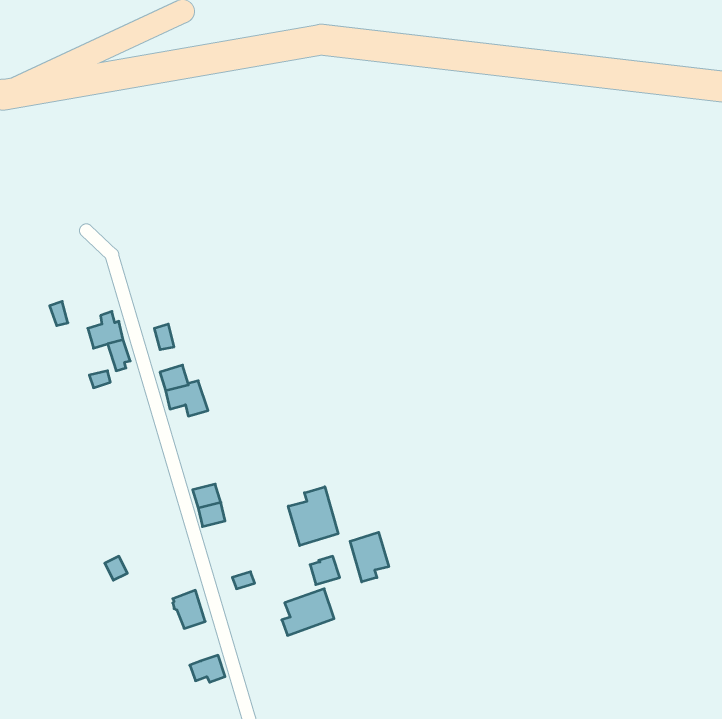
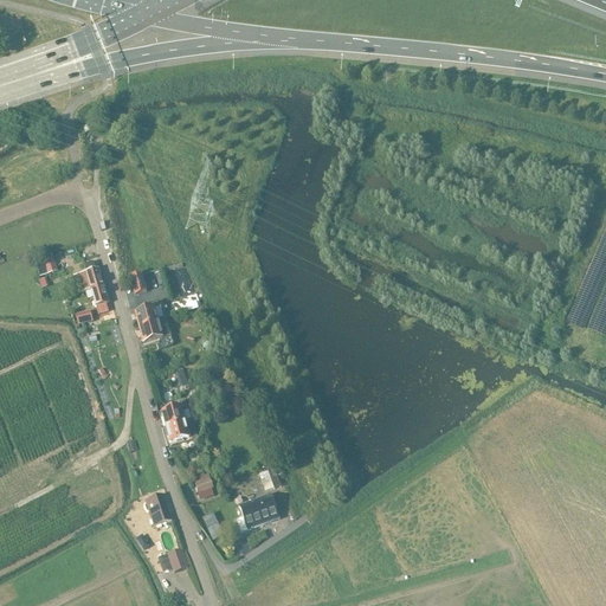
building: [288,487,338,546] -> none
building: [350,532,389,582] -> none

